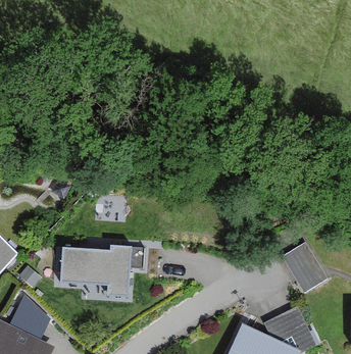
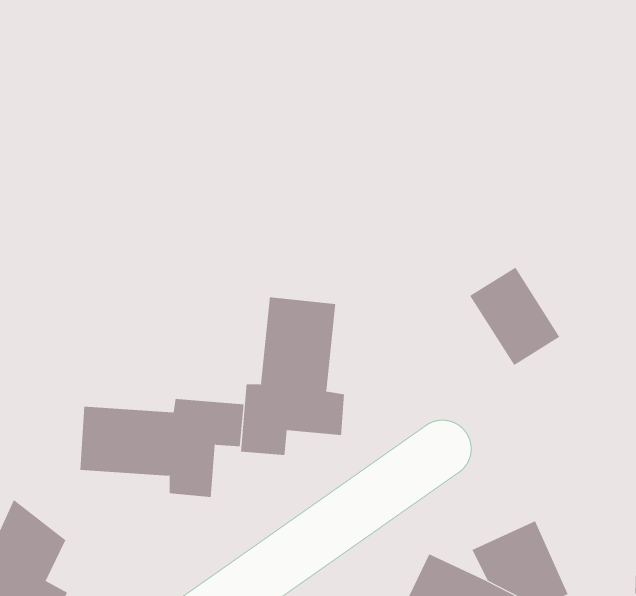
building: none -> [241,296,345,456]
building: [284,243,332,295] -> [469,267,560,366]

